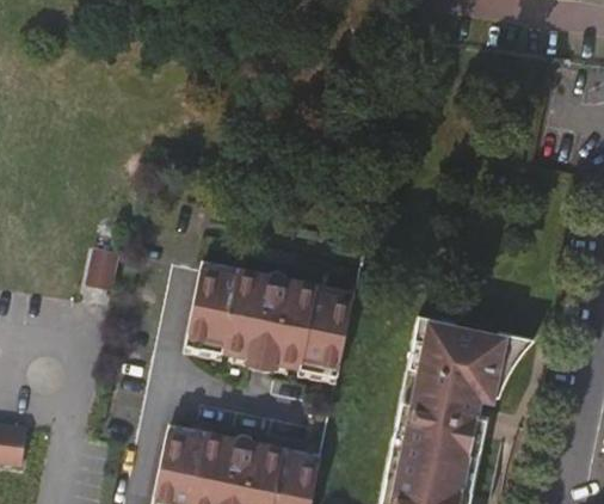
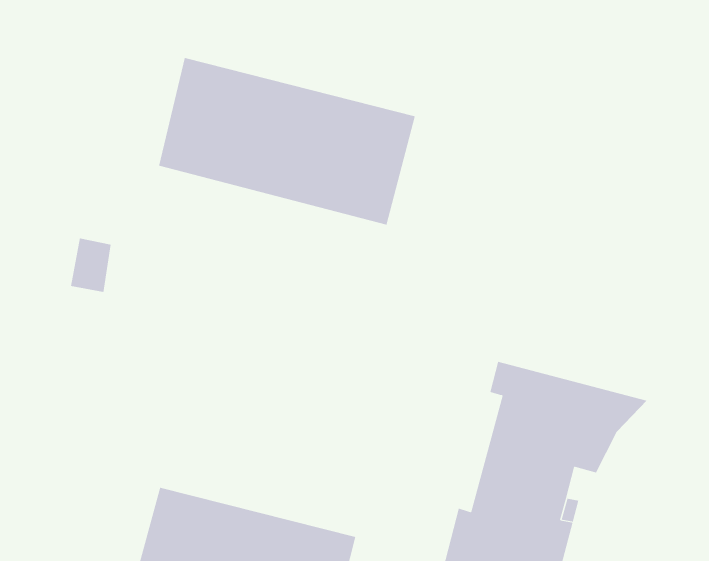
building: none -> [158,57,416,225]
building: [183,266,350,374] -> none

